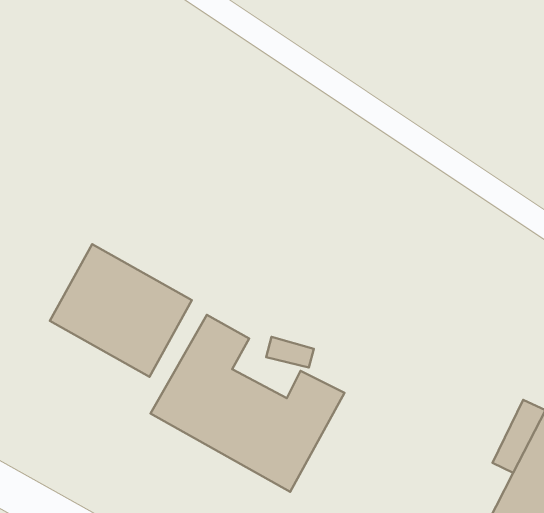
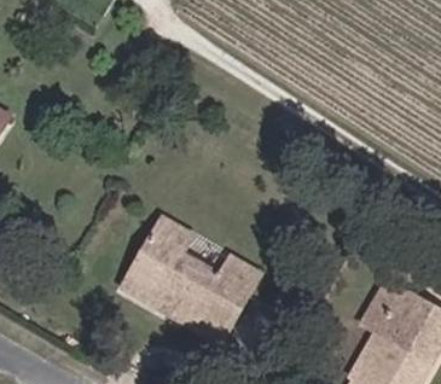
building: [50,244,192,377] -> none

